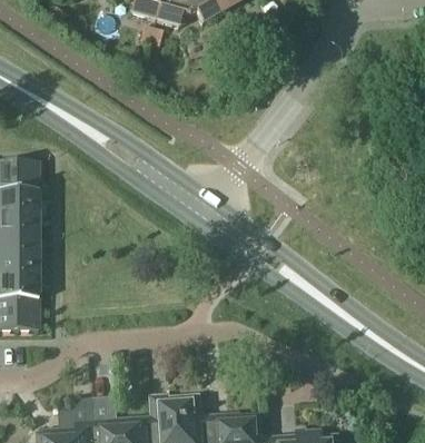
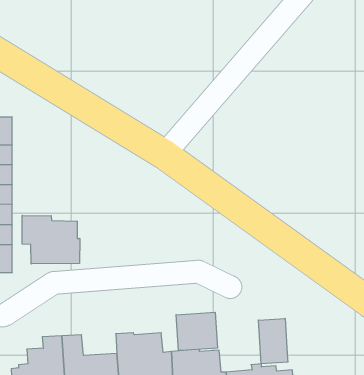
building: none -> [22,215,80,264]
building: none -> [176,312,218,351]
building: none -> [258,318,288,364]

